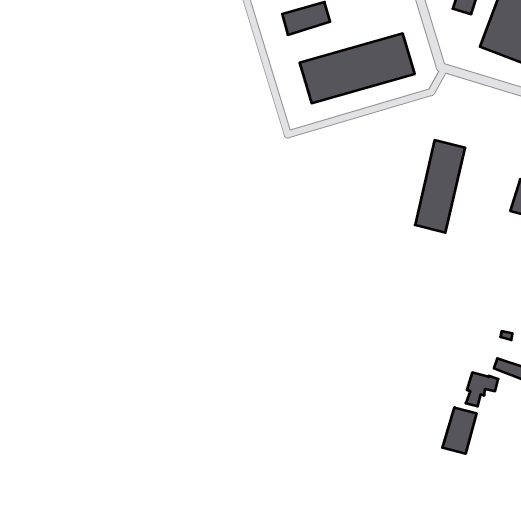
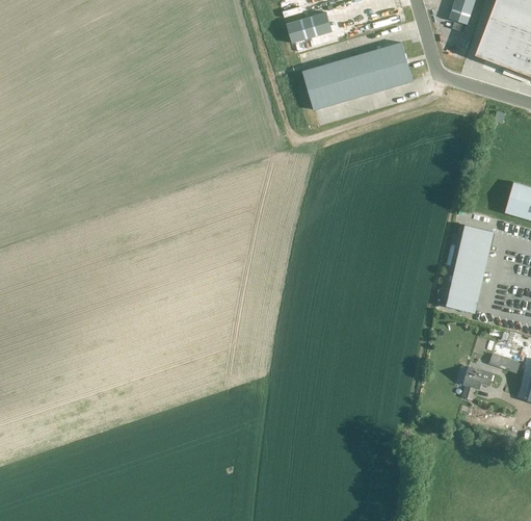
building: [415,140,465,233] -> [446,225,494,313]
building: [442,407,476,454] -> none

